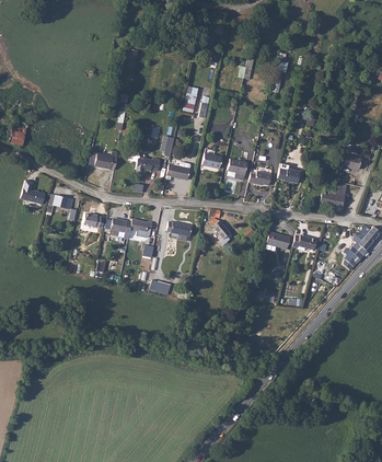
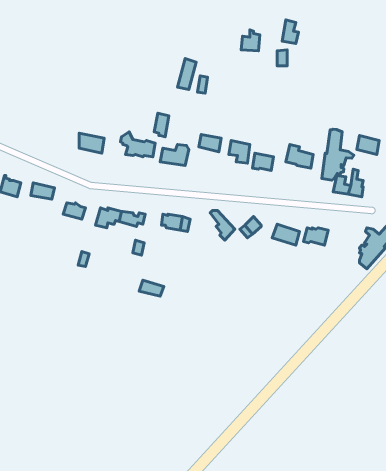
building: none -> [322,129,354,180]

